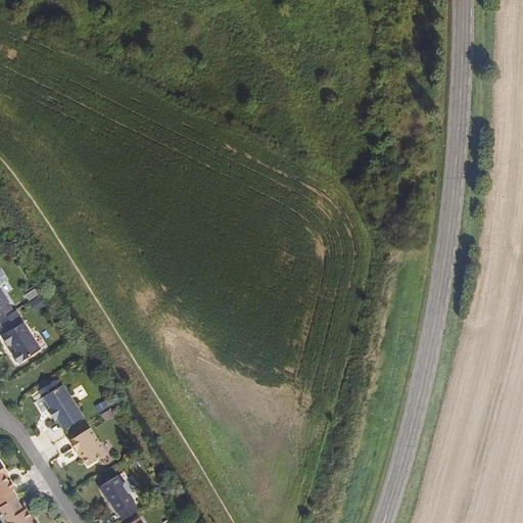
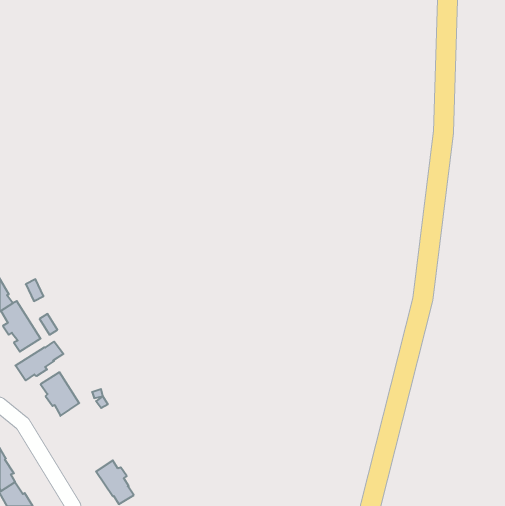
building: none -> [15,342,63,380]
building: [68,428,106,466] -> none

